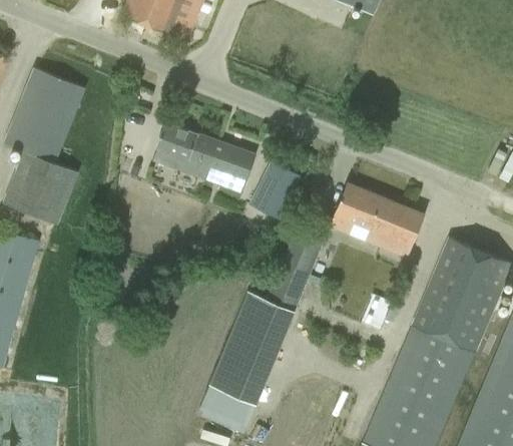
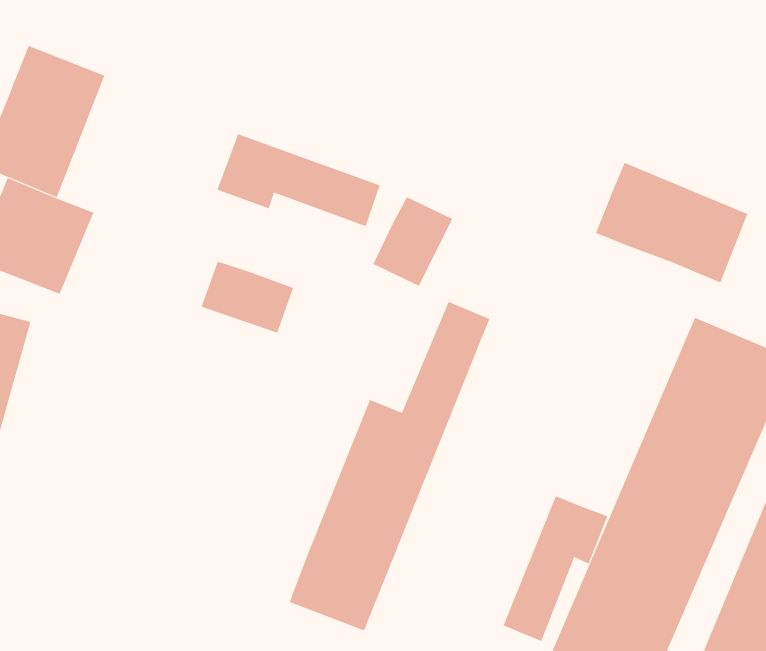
building: [330,181,425,257] -> [595,162,748,283]
building: none -> [201,261,294,333]
building: none -> [503,495,608,642]

